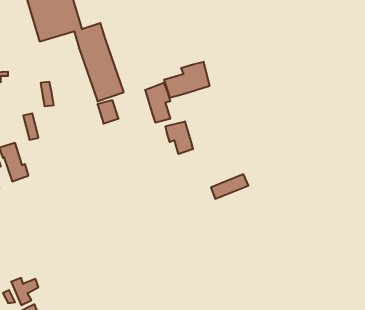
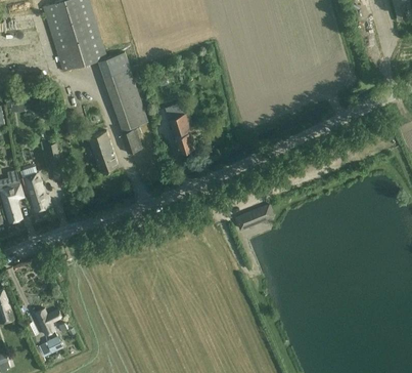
building: [164,62,209,98] -> none
building: none -> [88,131,118,172]
building: [166,121,193,154] -> none

